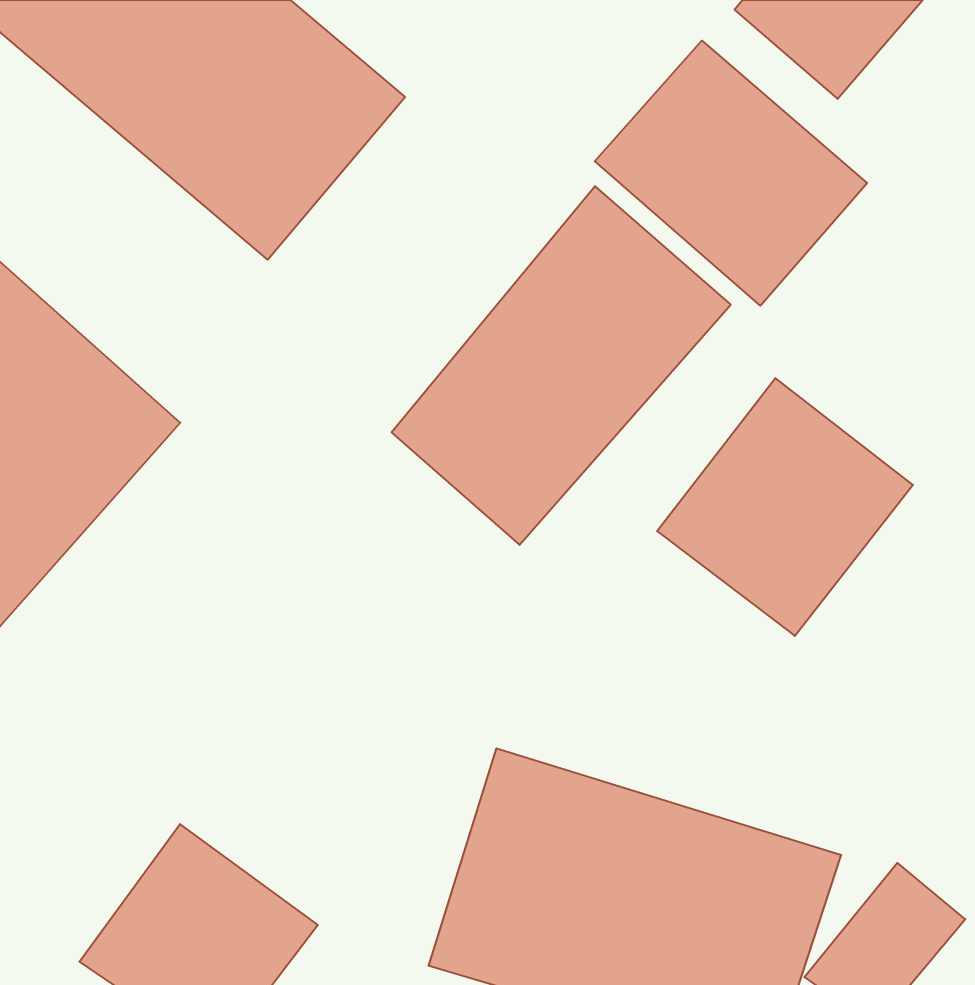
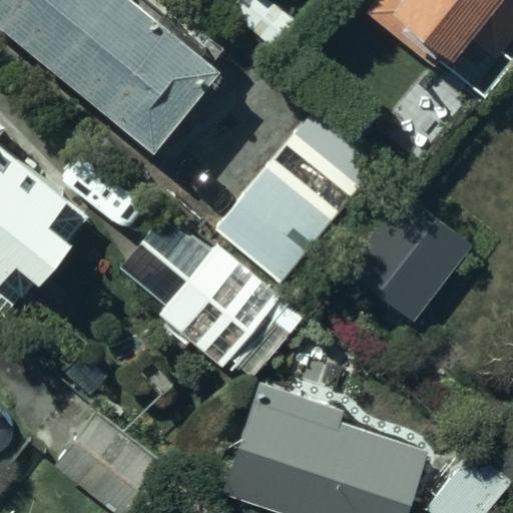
building: [595,41,867,306] -> none
building: none -> [158,253,281,375]

